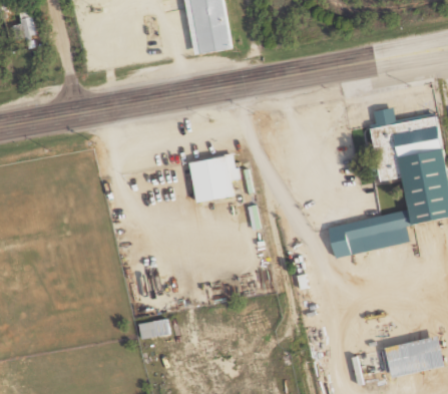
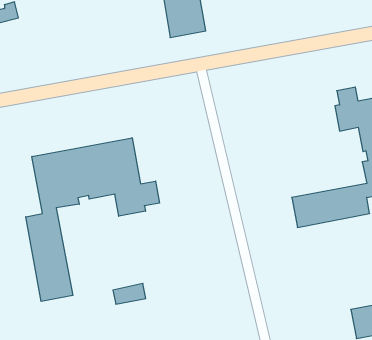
building: [187,154,236,202] -> none
building: none -> [26,138,159,301]

